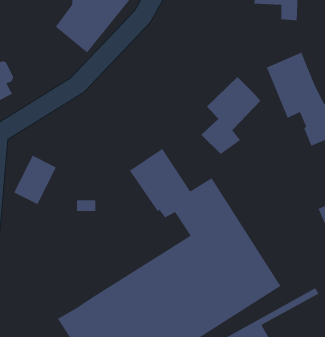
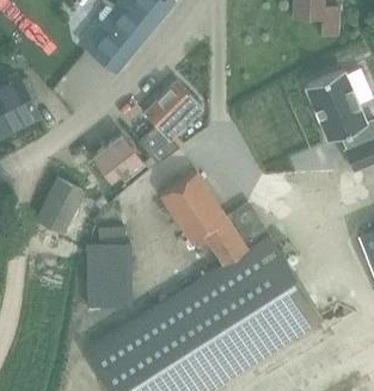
building: [201,76,261,155] -> [136,81,201,165]
building: none -> [92,135,142,180]
building: none -> [86,244,131,308]

